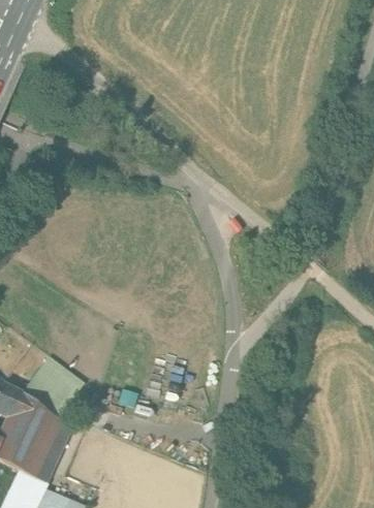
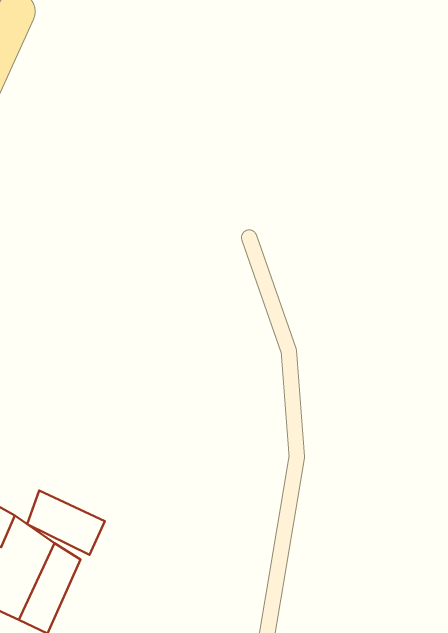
building: none -> [27,490,105,555]

